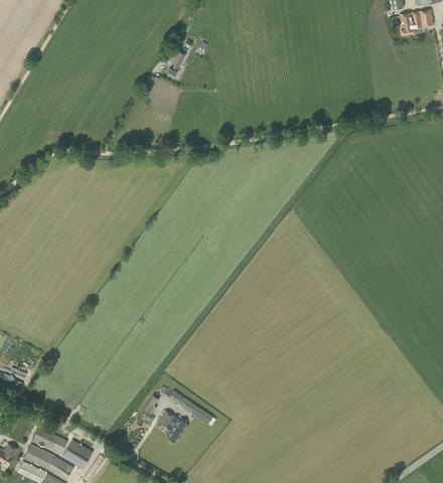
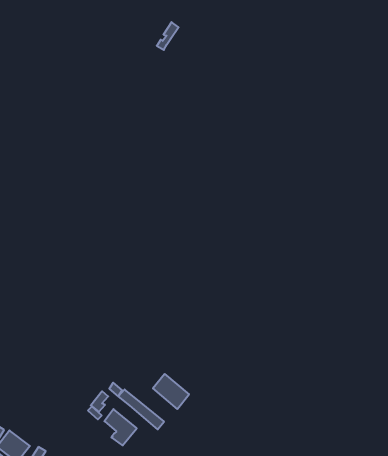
building: none -> [153,374,189,409]

